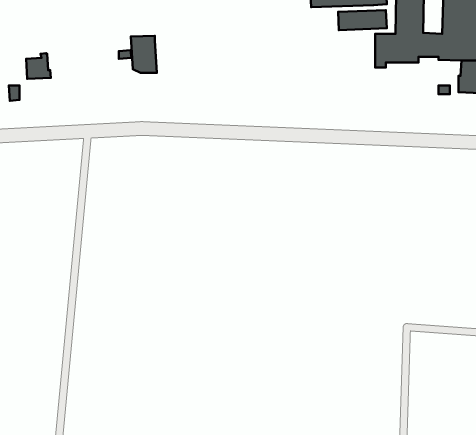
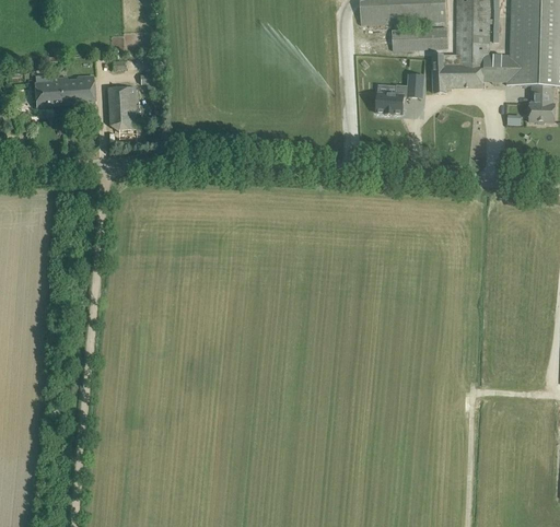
building: [131,36,157,73] -> [107,85,137,128]
building: none -> [376,73,424,114]
building: none -> [59,74,95,104]

